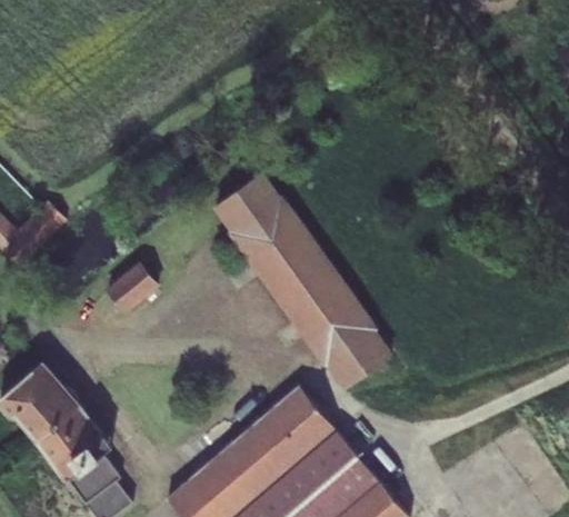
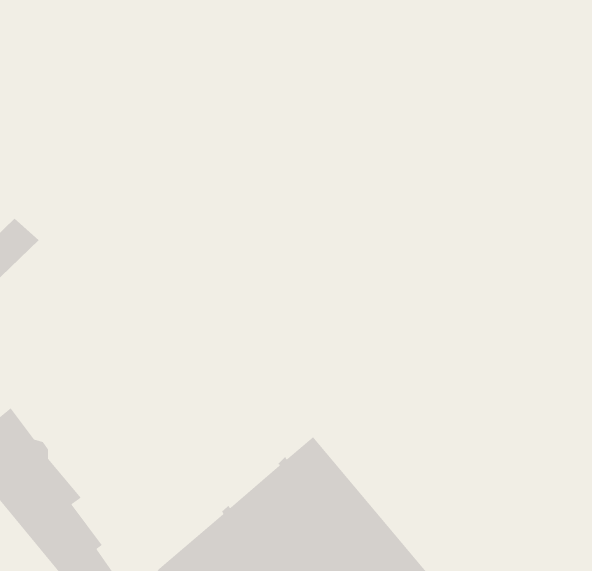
building: [217,175,389,388] -> none
building: [108,264,158,312] -> none

